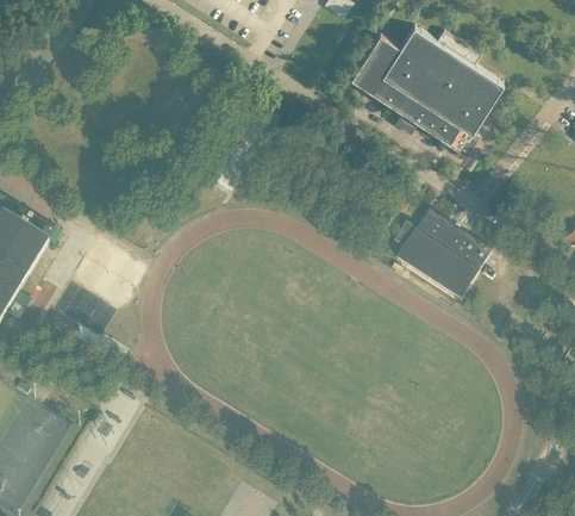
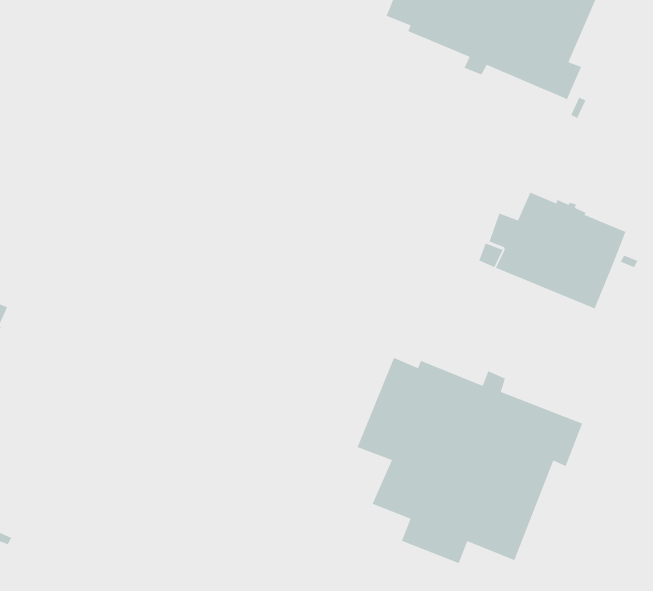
building: none -> [356,357,583,564]

